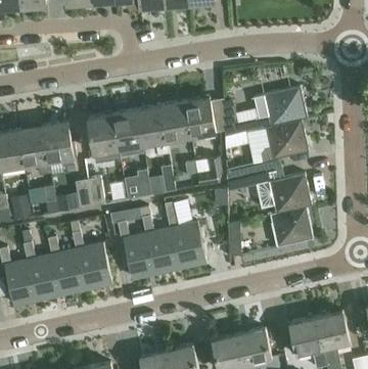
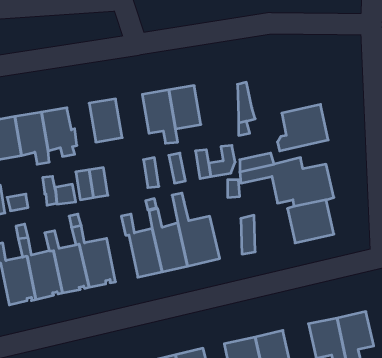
building: [252,87,307,129] -> none
building: [184,98,215,138] -> none
building: [111,110,142,150] -> none

